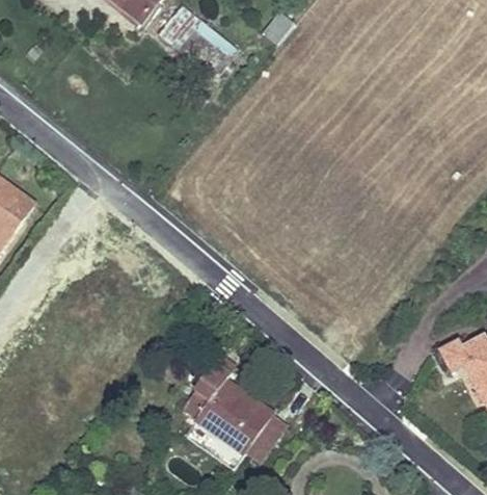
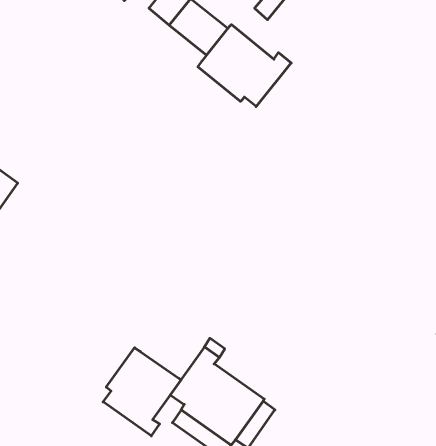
building: none -> [198,25,291,107]
building: none -> [103,348,181,436]

